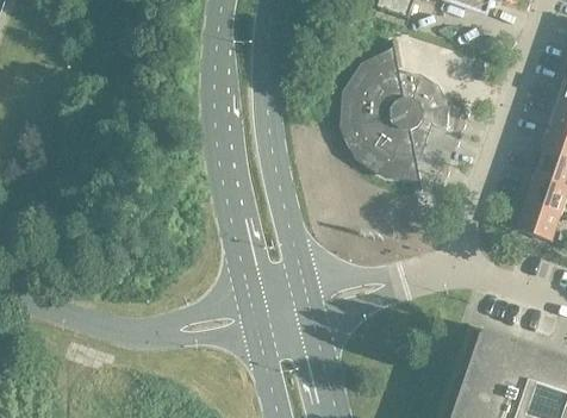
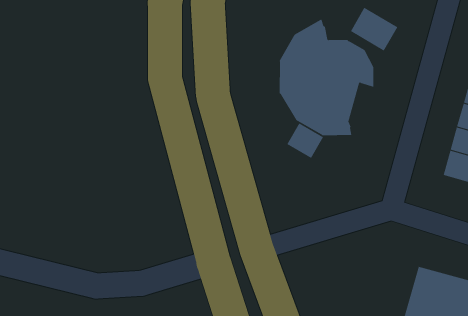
building: none -> [350,7,398,51]
building: none -> [287,123,324,159]

